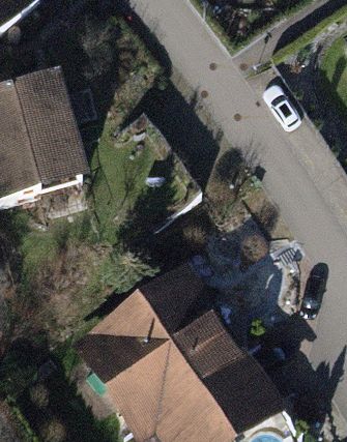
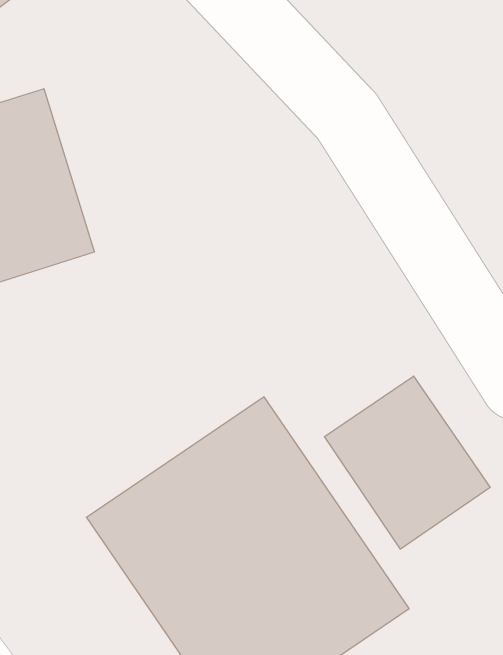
building: none -> [324,376,490,549]

